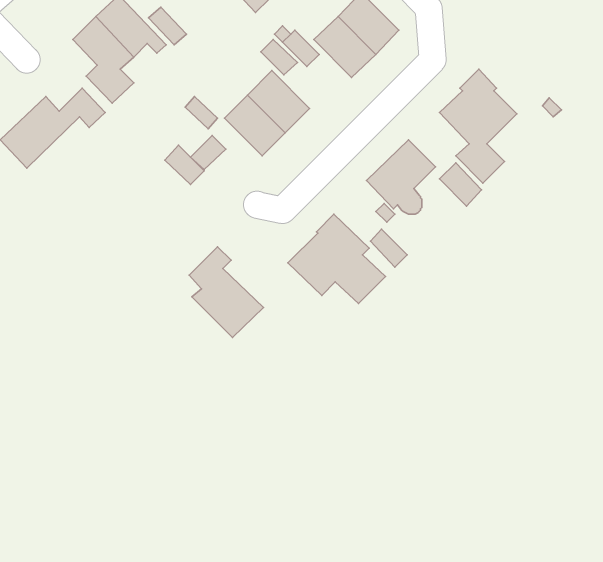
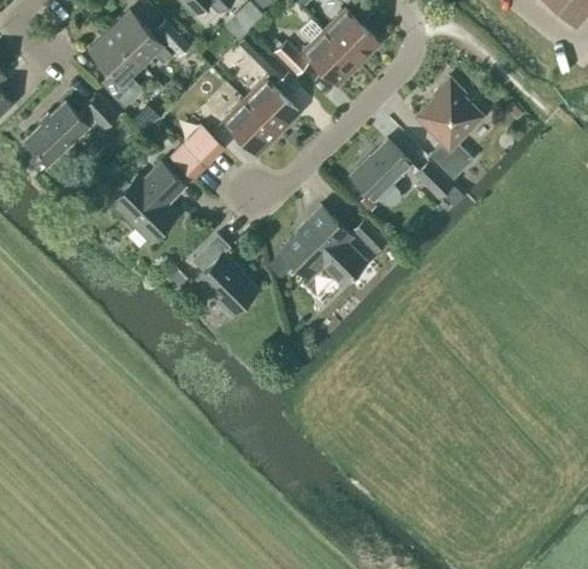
building: none -> [111,162,185,243]

